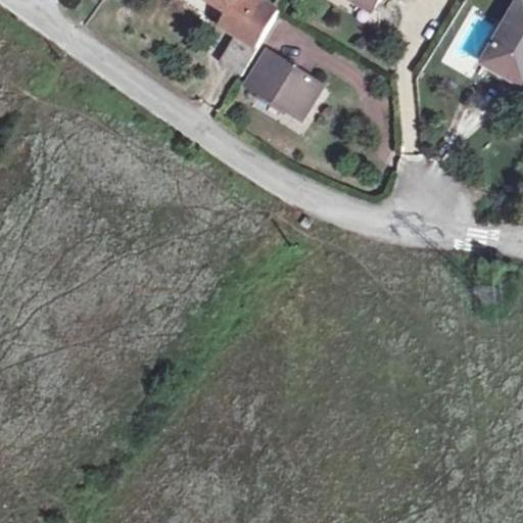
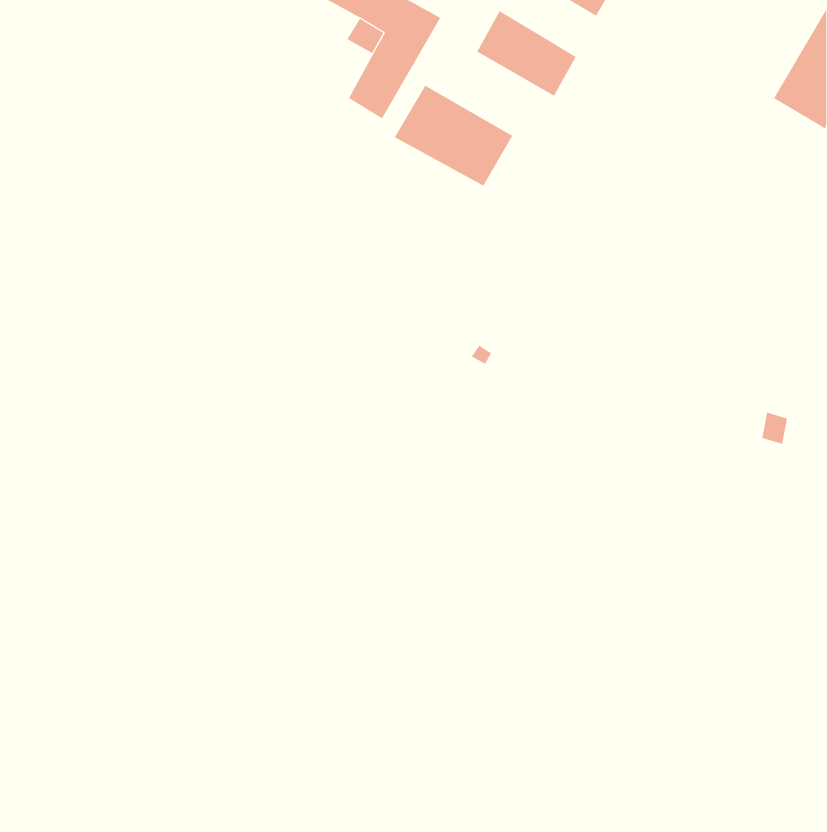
building: none -> [476,10,577,96]

